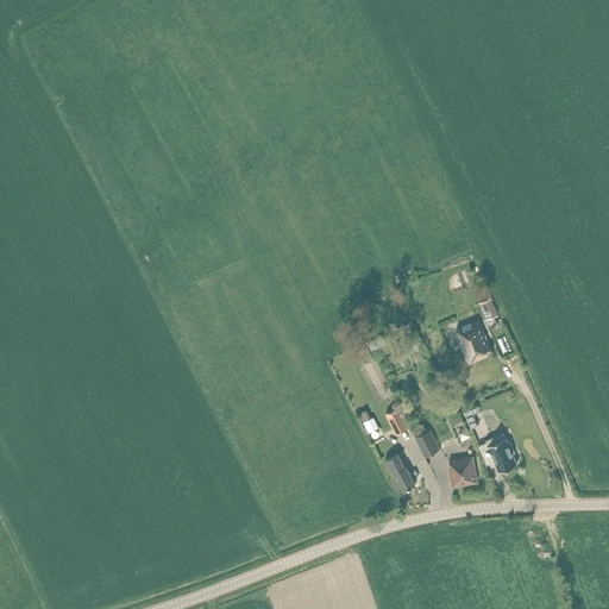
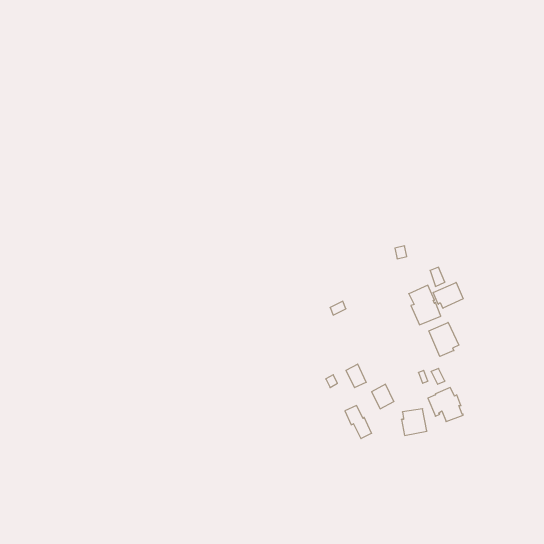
building: none -> [433,282,463,308]
building: none -> [429,322,459,356]

